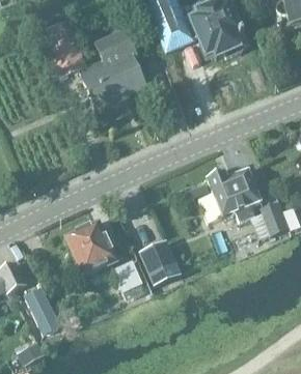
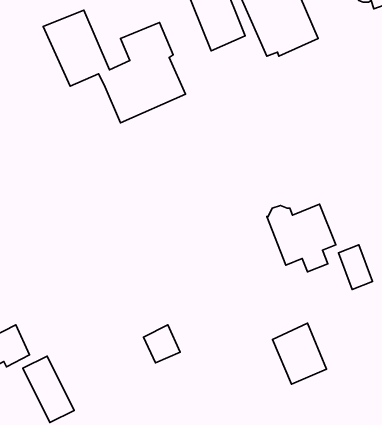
building: [66,223,115,275] -> none
building: [139,239,181,286] -> [272,323,327,384]

